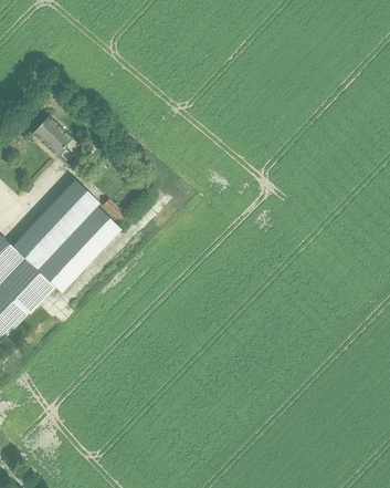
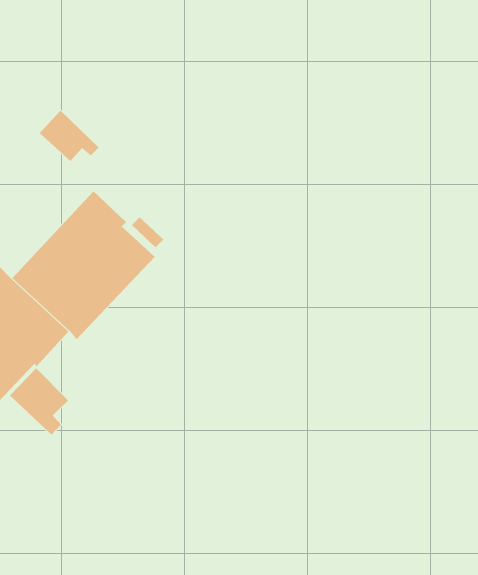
building: none -> [9,367,69,436]

